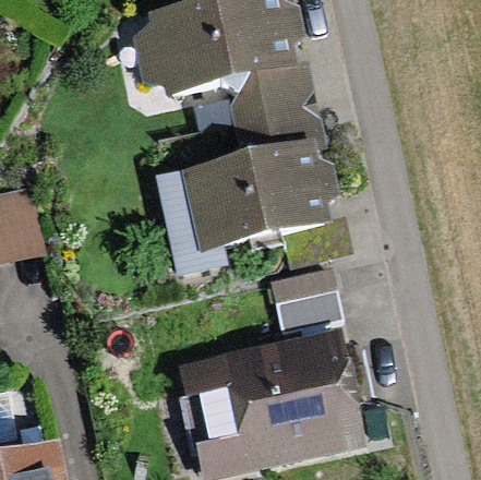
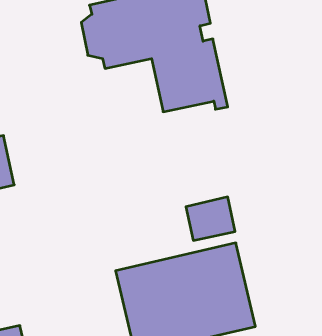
building: [153,141,336,272] -> none

